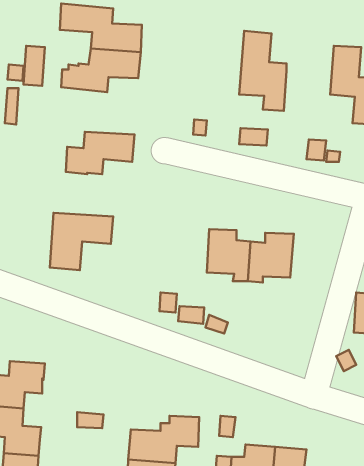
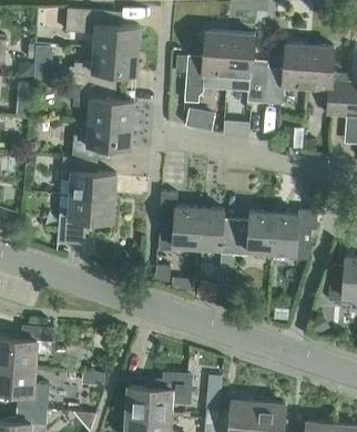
building: none -> [184,30,231,103]
building: none -> [266,43,310,104]
building: none -> [67,82,134,124]
building: none -> [61,156,115,197]
building: none -> [159,193,200,251]
building: none -> [272,209,317,260]

